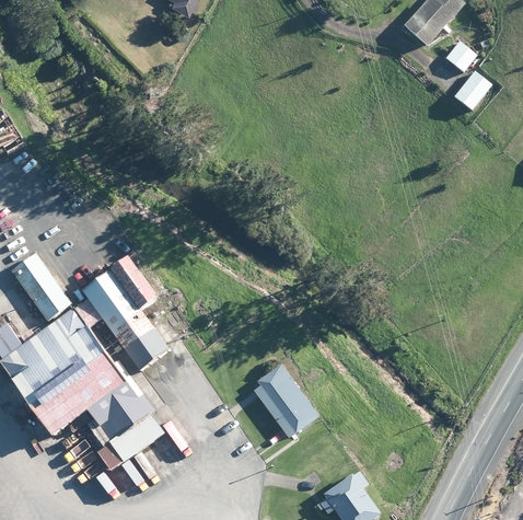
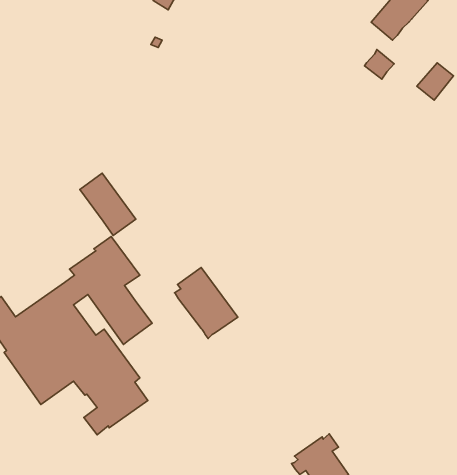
building: [445,38,477,70] -> [364,50,394,79]
building: [11,252,71,319] -> [80,173,136,235]
building: [253,361,321,438] -> [175,267,238,339]

